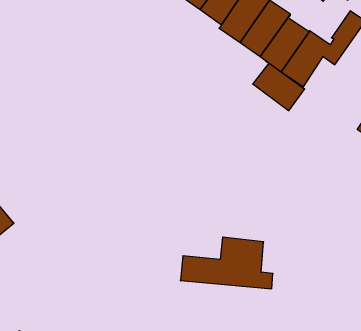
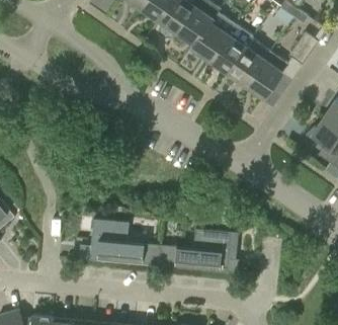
building: [253,61,305,111] -> none
building: none -> [79,220,160,266]

